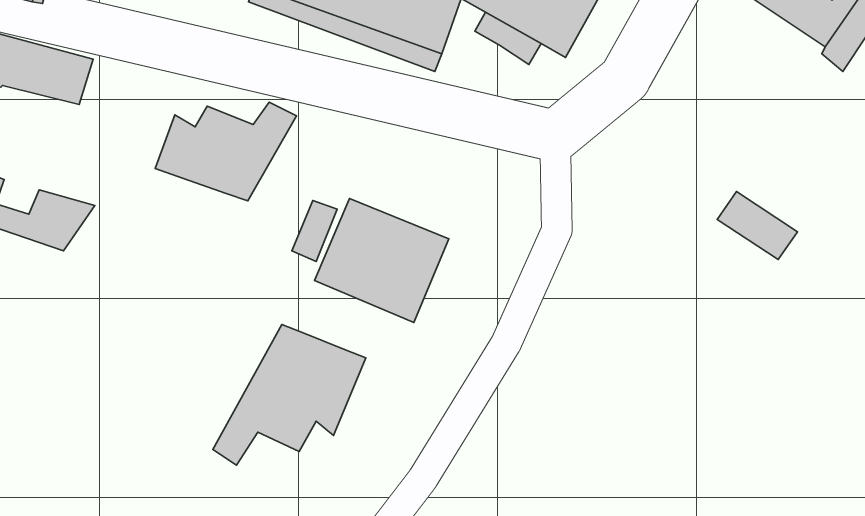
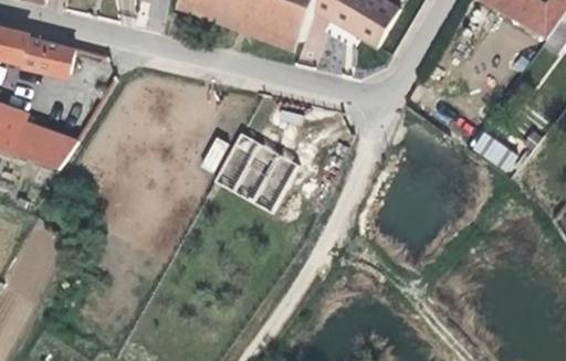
building: [155,102,297,201] -> none
building: [213,325,366,465] -> none

